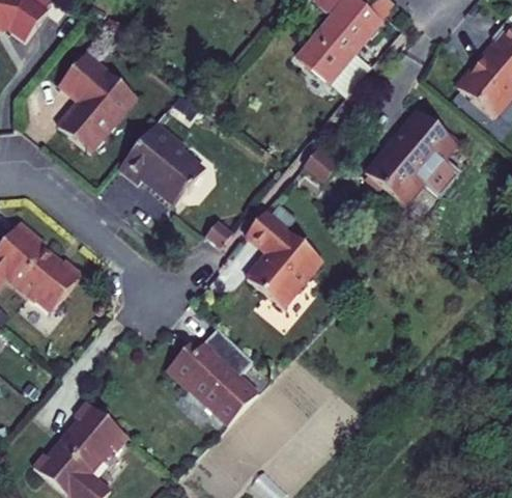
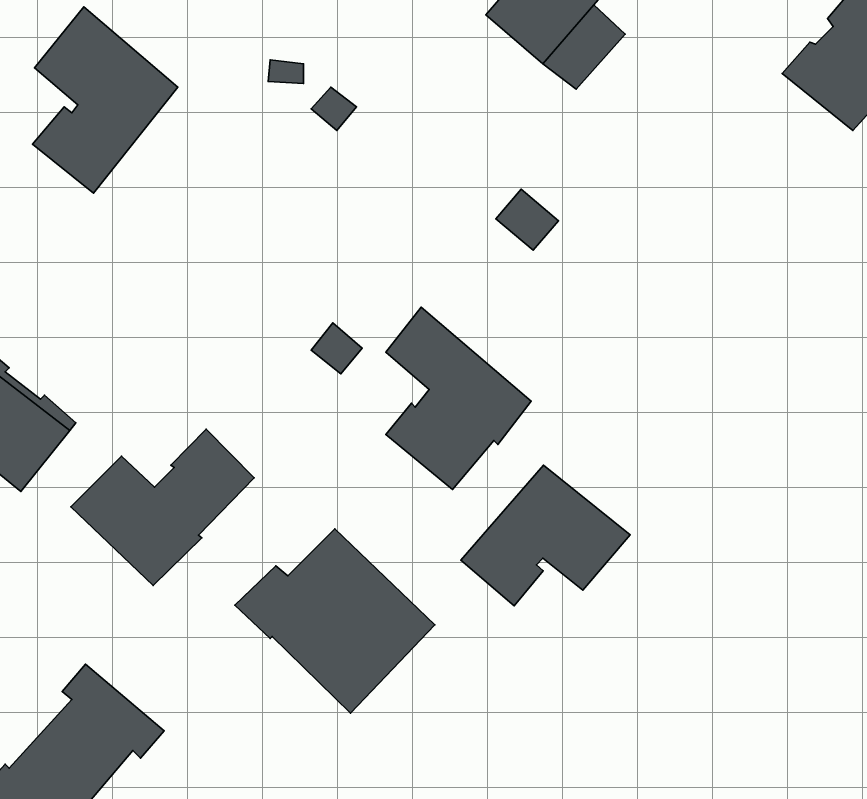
building: [365,110,456,204] -> none
building: [119,120,203,203] -> none
building: none -> [71,429,254,586]
building: none -> [461,465,630,606]

